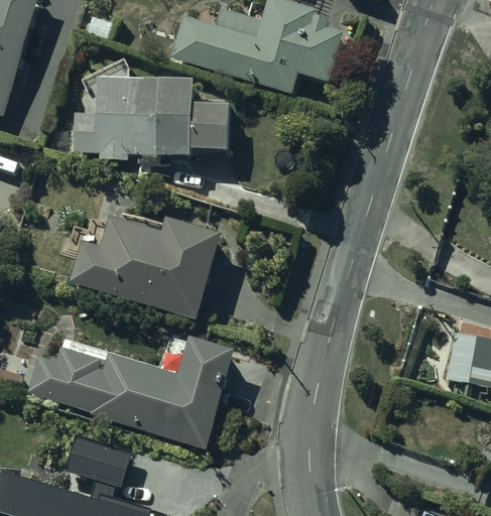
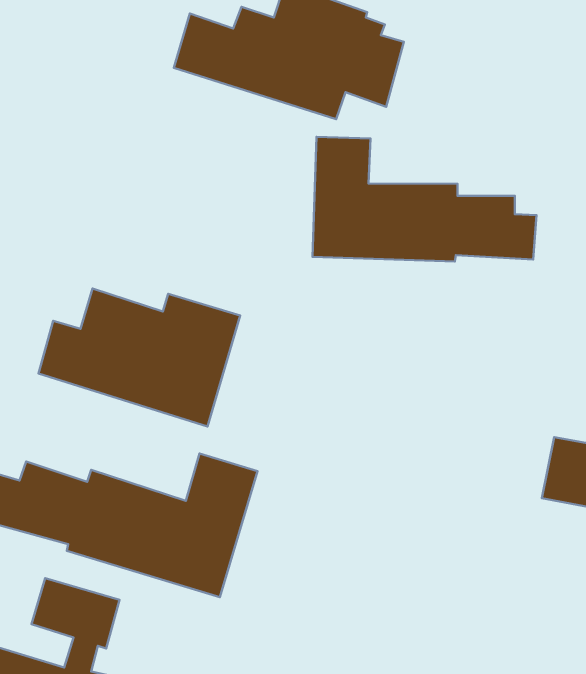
building: [73,79,228,163] -> none
building: none -> [313,137,536,261]

